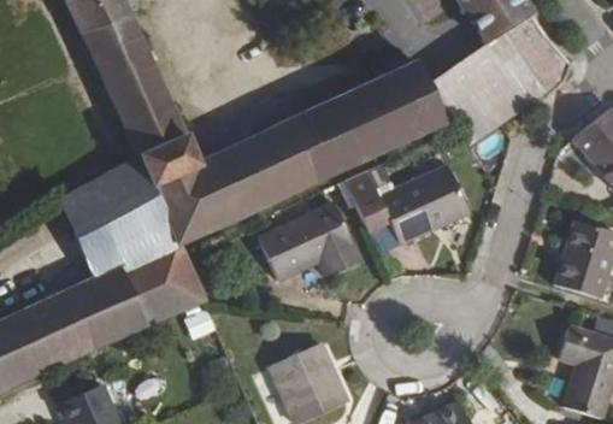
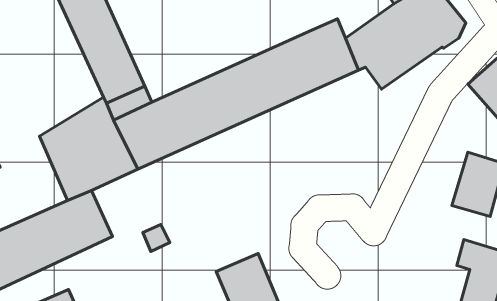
building: [346,166,468,241] -> none
building: [261,202,361,278] -> none
building: [124,241,206,322] -> none

